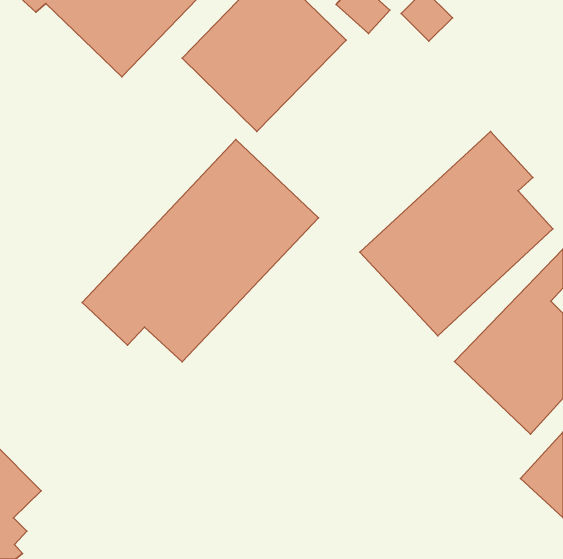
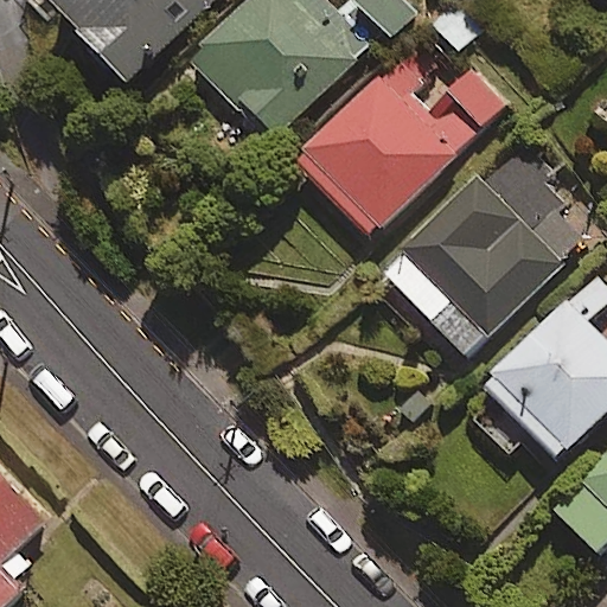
building: none -> [295,37,504,237]
building: [82,139,319,362] -> none

